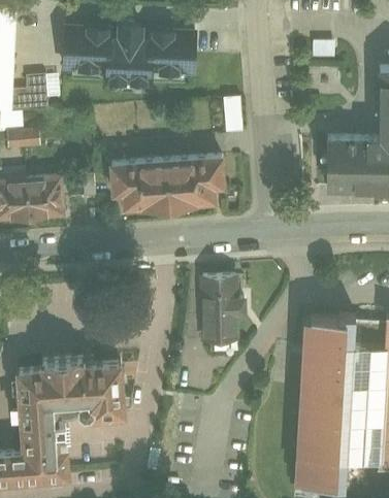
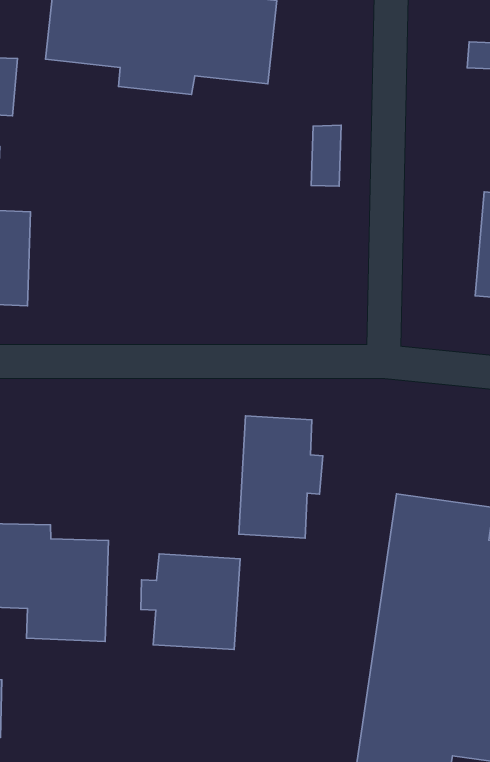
building: [109,148,228,213] -> none
building: none -> [141,554,240,650]

